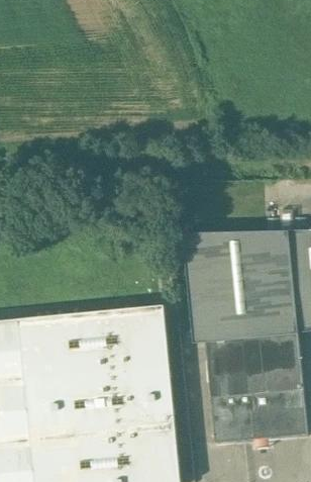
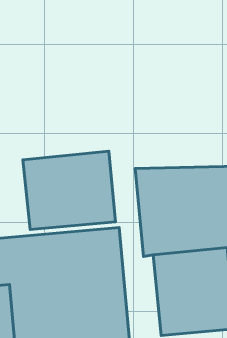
building: none -> [23,151,115,230]

